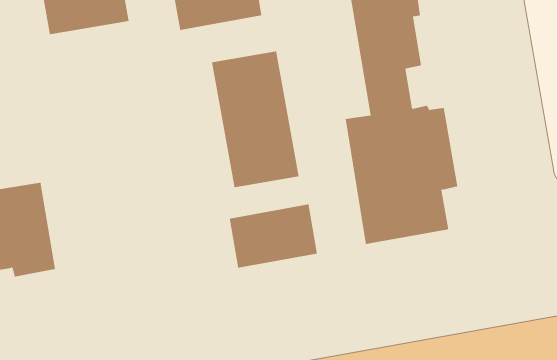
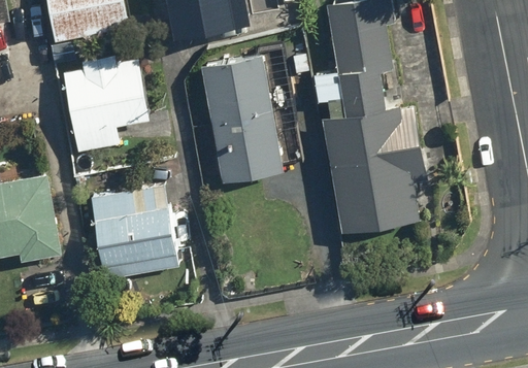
building: none -> [64,55,148,152]
building: none -> [91,193,175,267]
building: [229,204,318,268] -> none

